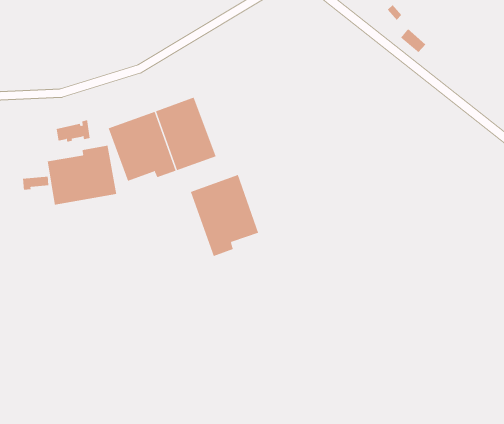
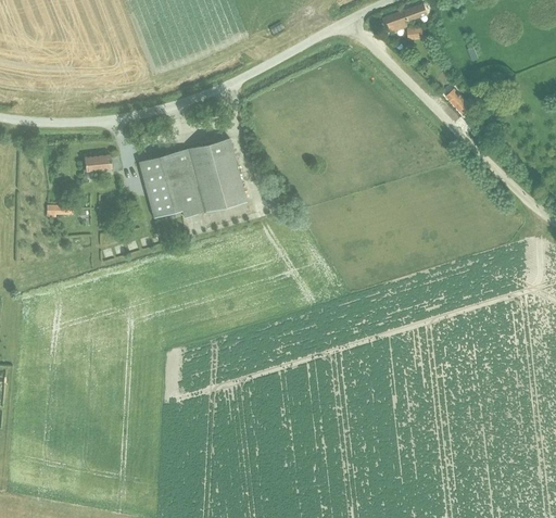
building: [47,145,117,206] -> none
building: [190,174,259,257] -> none

